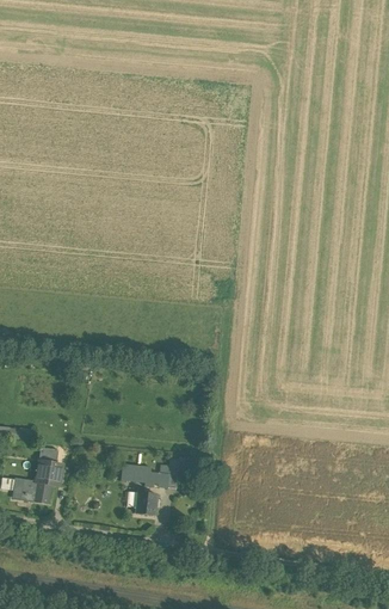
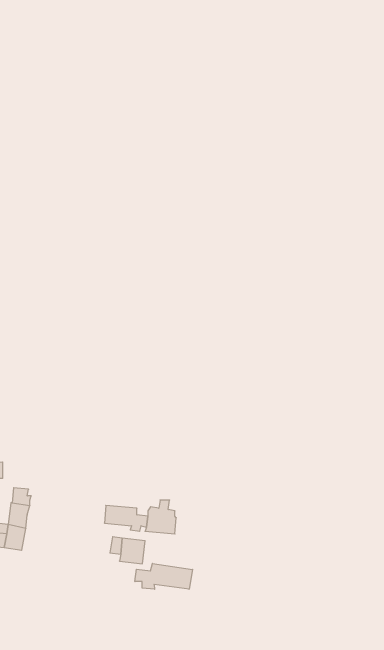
building: none -> [135,563,193,589]

